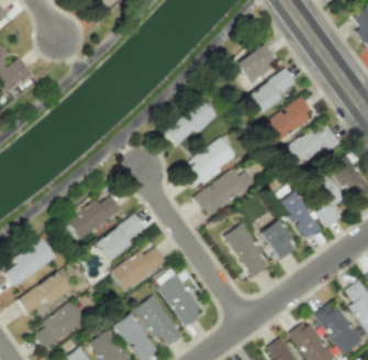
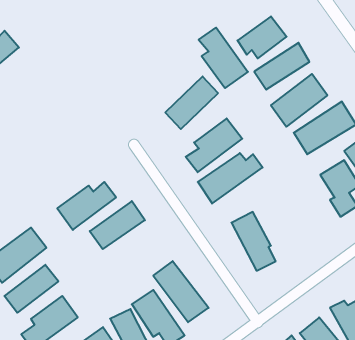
building: none -> [199,28,248,88]
building: [279,192,319,240] -> none
building: [259,218,292,260] -> none
building: [110,247,166,292] -> none

